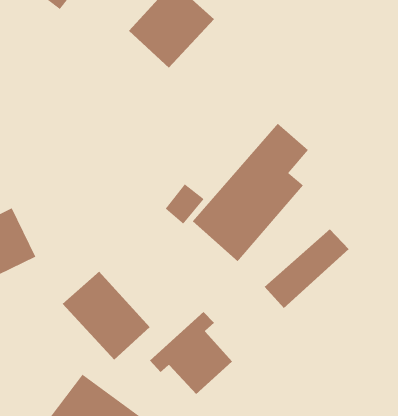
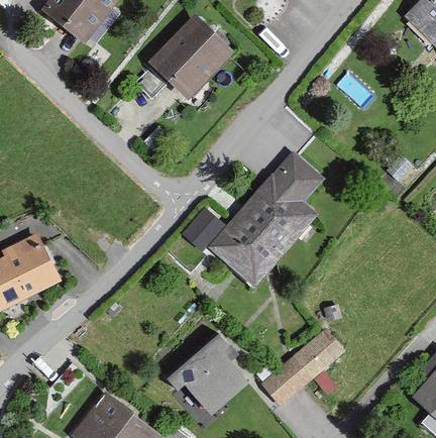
building: [264,228,350,309] -> [262,325,345,403]
building: [62,271,150,360] -> none

